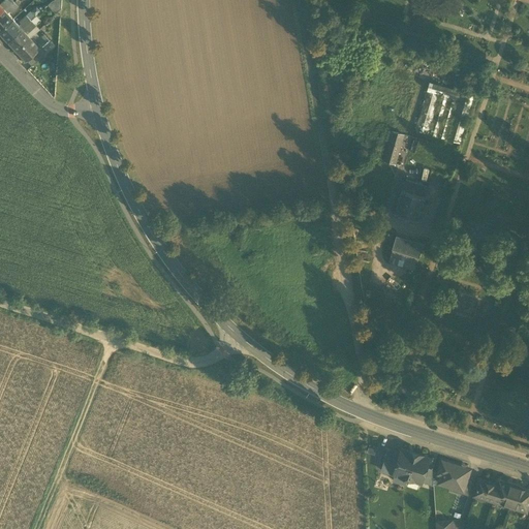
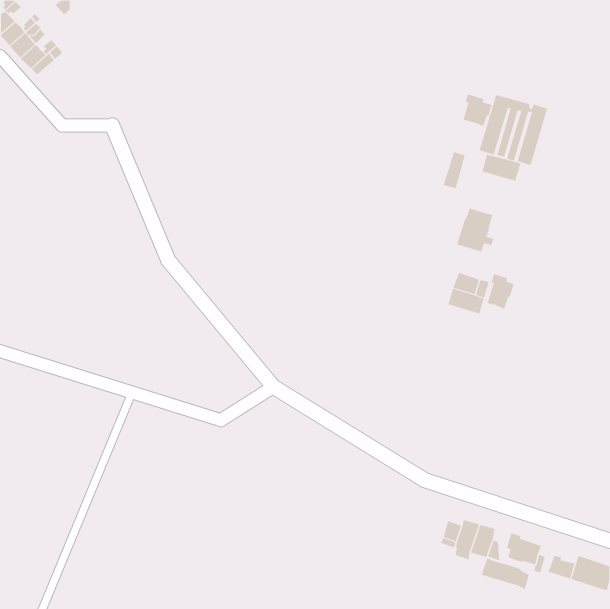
building: none -> [463,94,492,127]
building: none -> [482,154,521,182]
building: none -> [487,273,514,309]
building: none -> [481,558,530,590]

